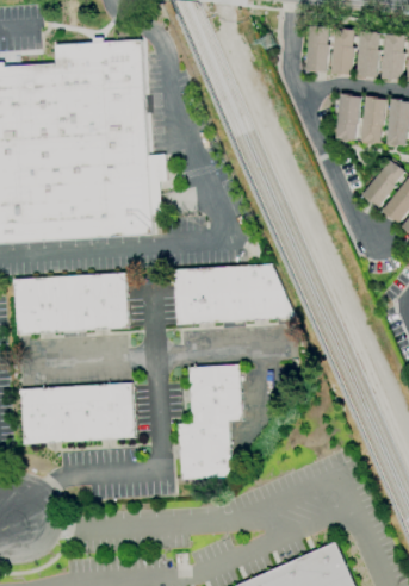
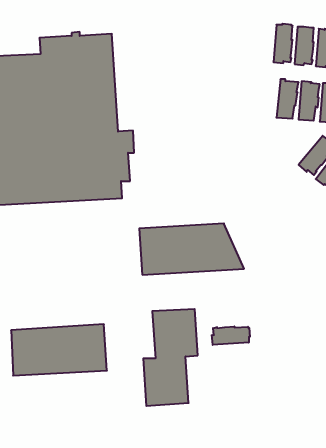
building: [306,26,329,73] -> none
building: [14,273,128,335] -> none
building: none -> [212,326,250,345]

